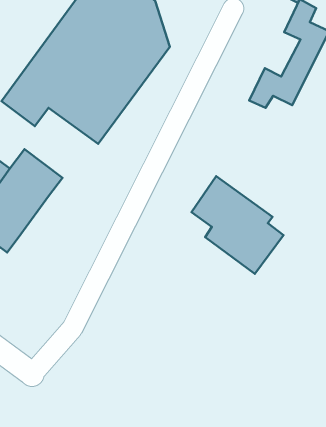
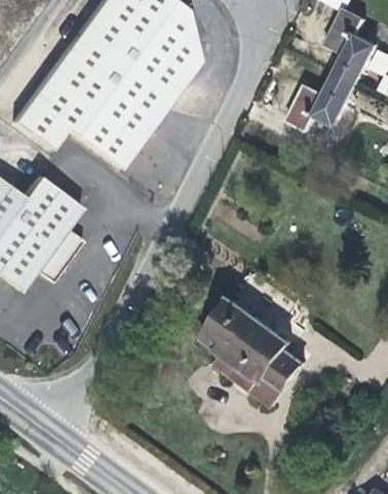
building: [191,176,283,274] -> [202,298,305,407]
building: none -> [34,229,81,283]

